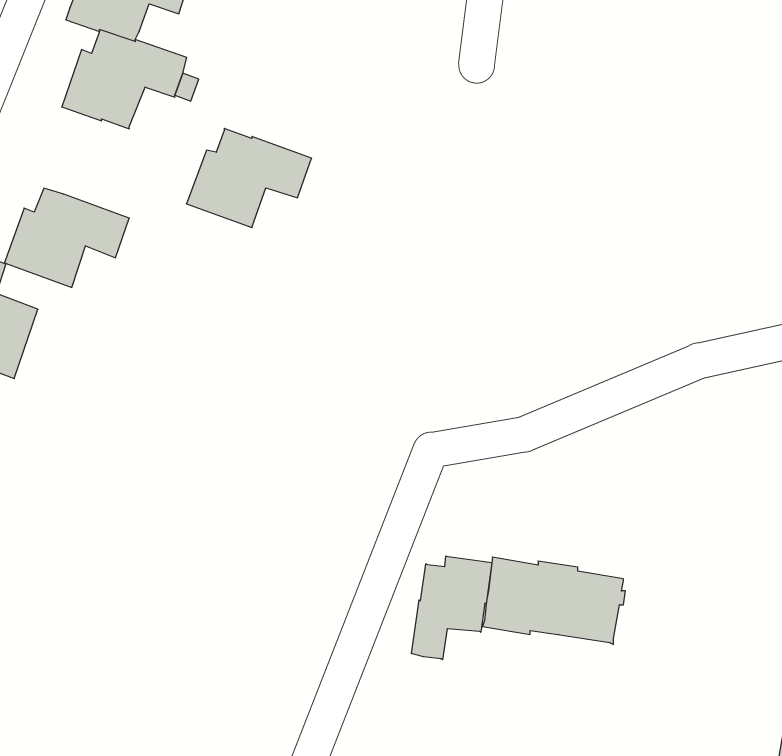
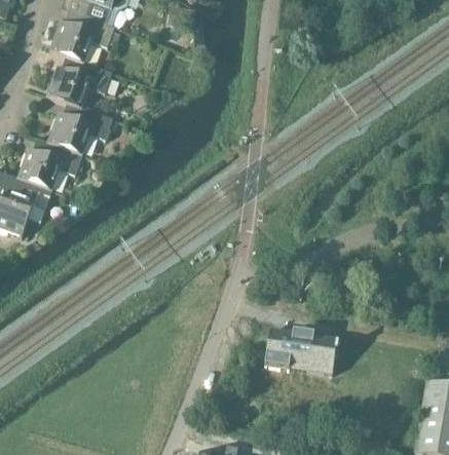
building: [186,128,312,228] -> [48,101,113,152]
building: [411,556,492,660] -> none

